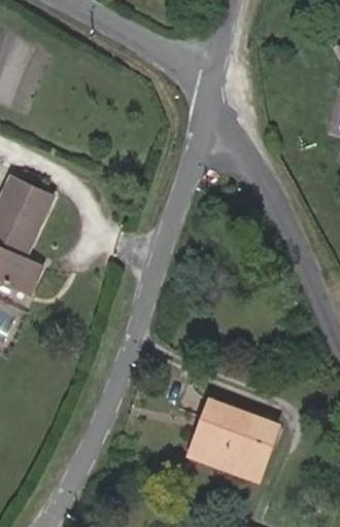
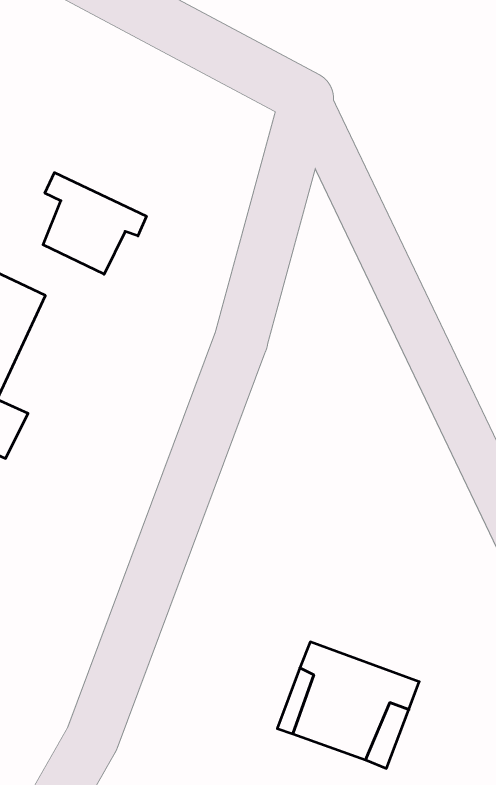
building: none -> [43,173,146,274]

